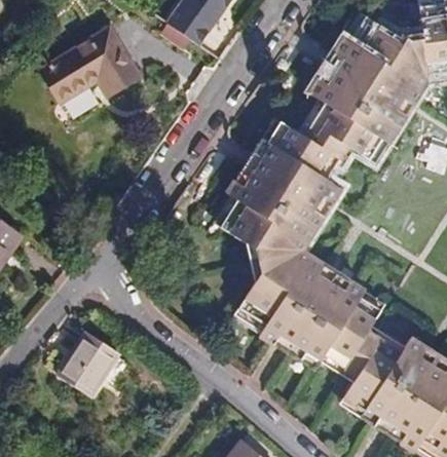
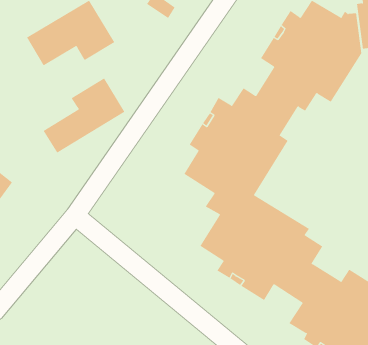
building: none -> [43,77,125,153]
building: [55,330,119,396] -> none

